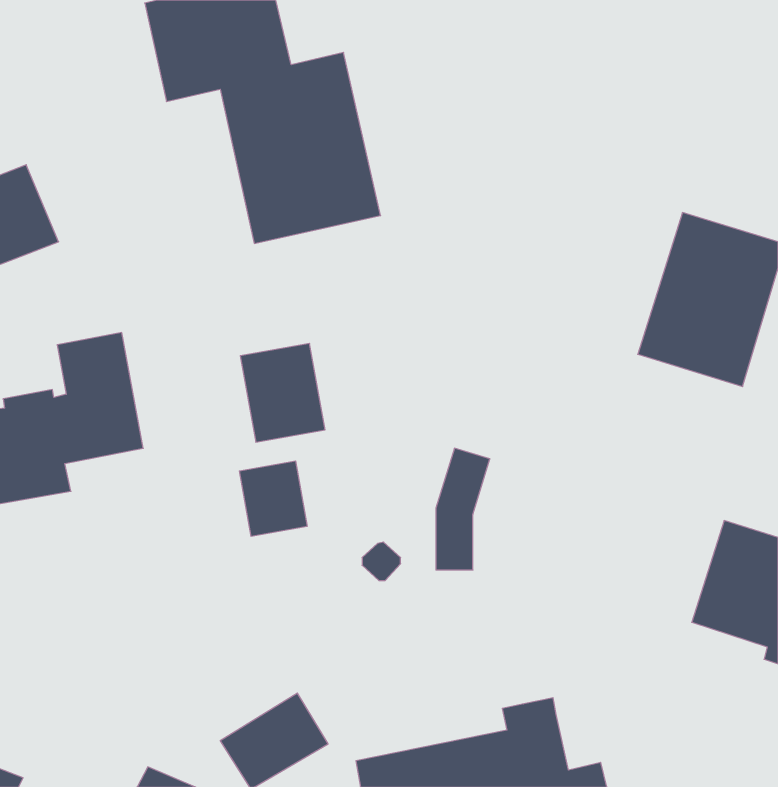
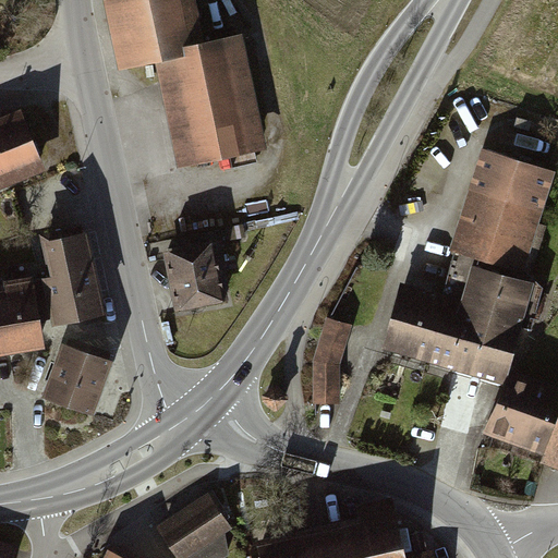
building: none -> [375,267,532,388]
building: [239,461,307,536] -> none
building: none -> [41,345,104,411]

